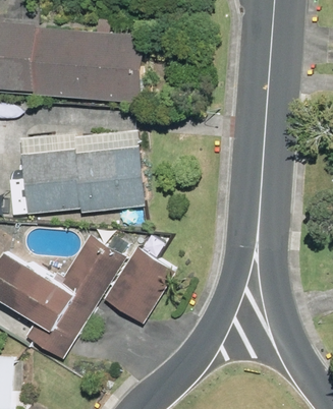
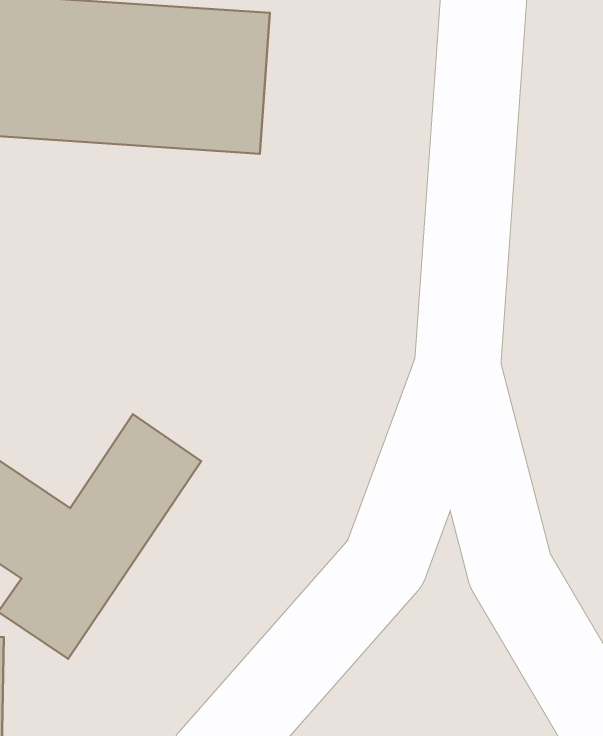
building: [20,144,146,215] -> none
building: [105,247,173,322] -> none

